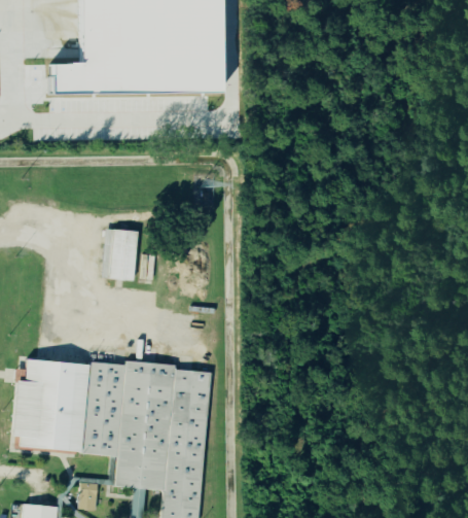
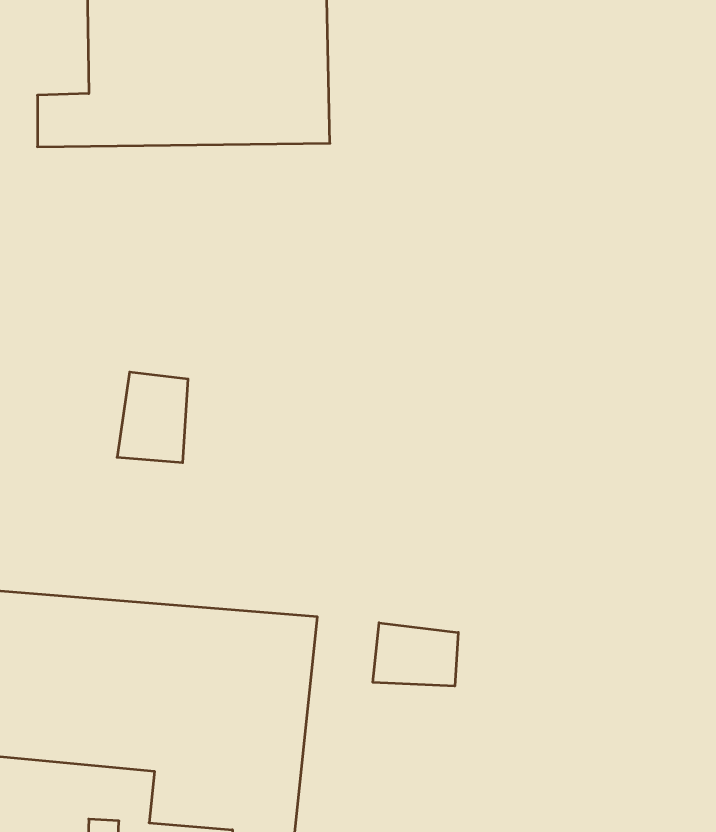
building: none -> [373,623,458,686]

